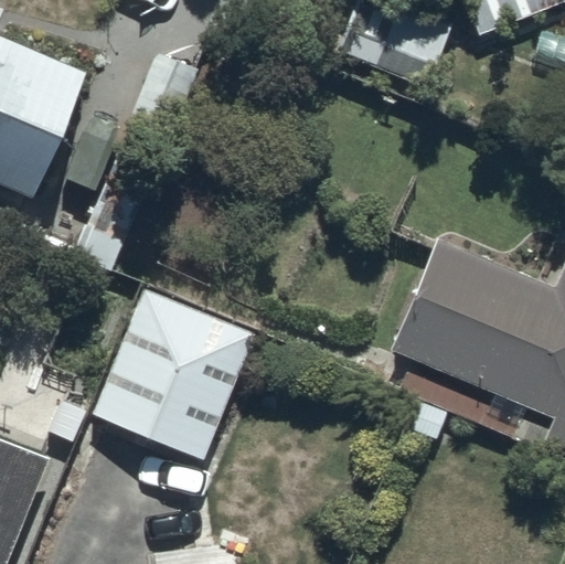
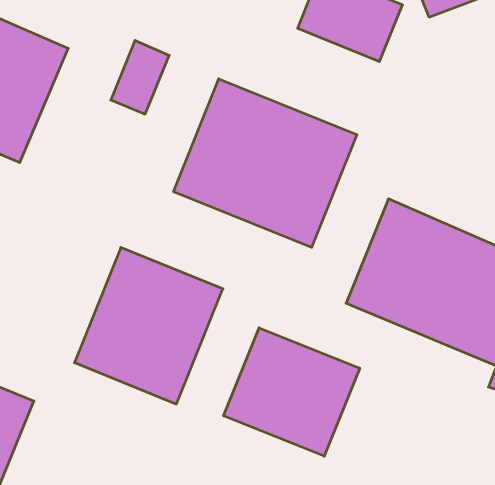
building: none -> [174,79,357,247]
building: none -> [224,328,360,456]

